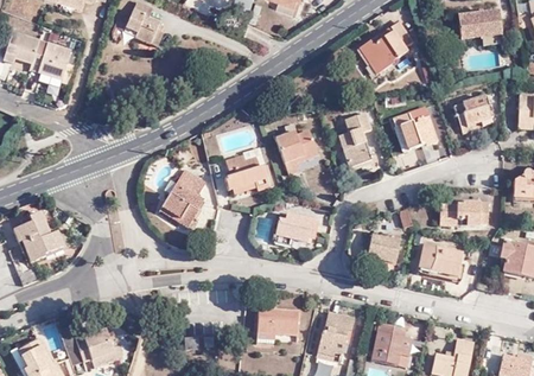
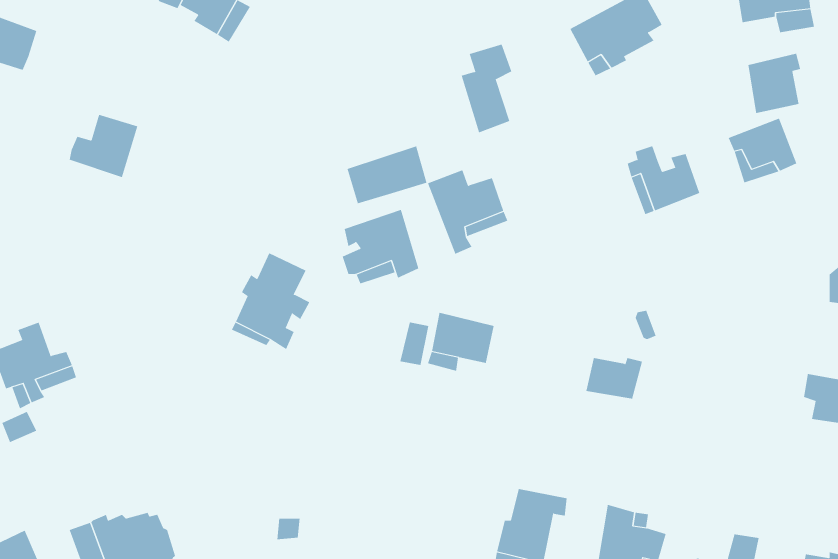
building: [30,44,71,82] -> [69,114,138,178]
building: none -> [748,53,801,114]
building: none -> [347,146,427,204]
building: [339,114,370,167] -> [461,44,512,133]
building: [438,202,489,229] -> none
building: [420,248,464,276] -> none
building: [254,307,300,343] -> none

